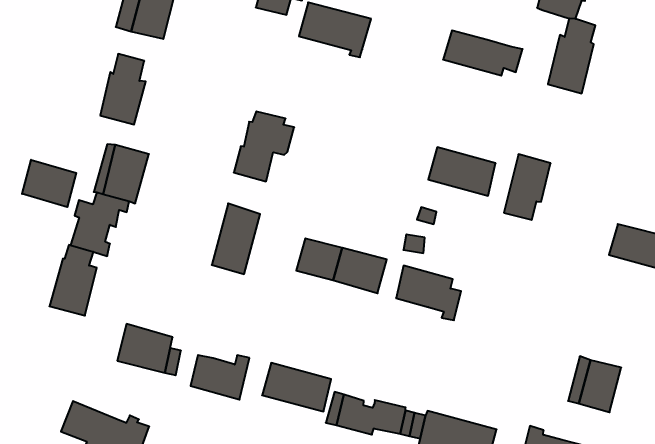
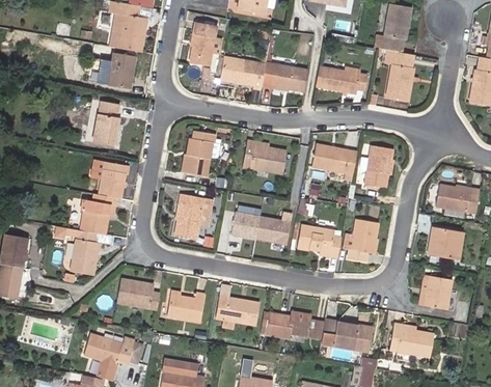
building: none -> [262,62,308,91]
building: none -> [243,140,287,173]
building: [22,160,76,207] -> none
building: none -> [347,219,378,262]
building: none -> [429,226,463,259]

